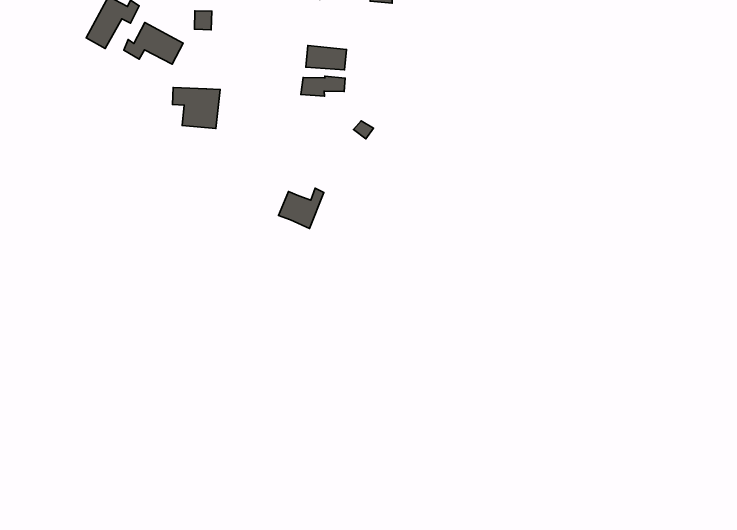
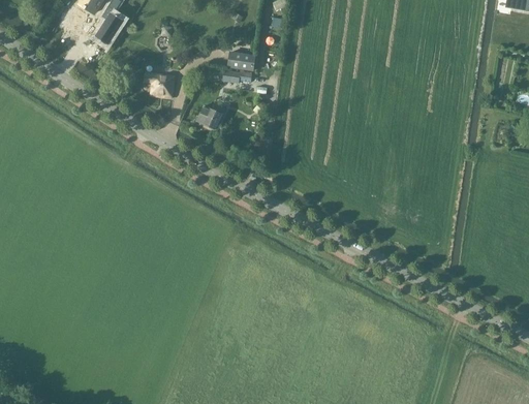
building: [124,23,183,64] -> none
building: [278,188,324,229] -> [197,104,226,129]

